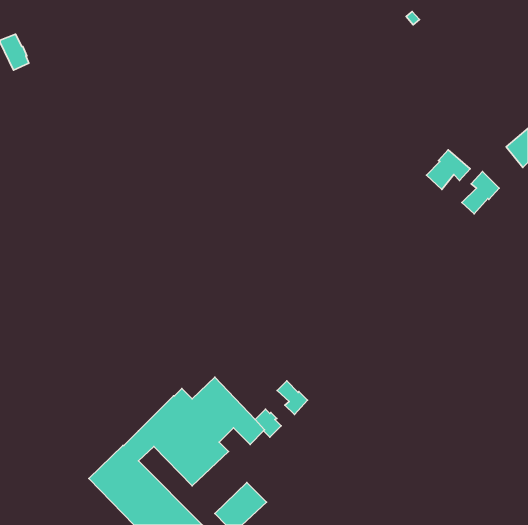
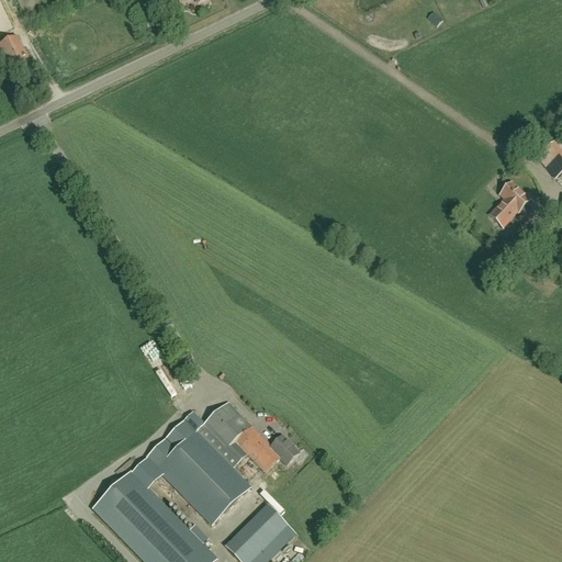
building: [426,150,470,189] -> none
building: [277,381,307,414] -> none

